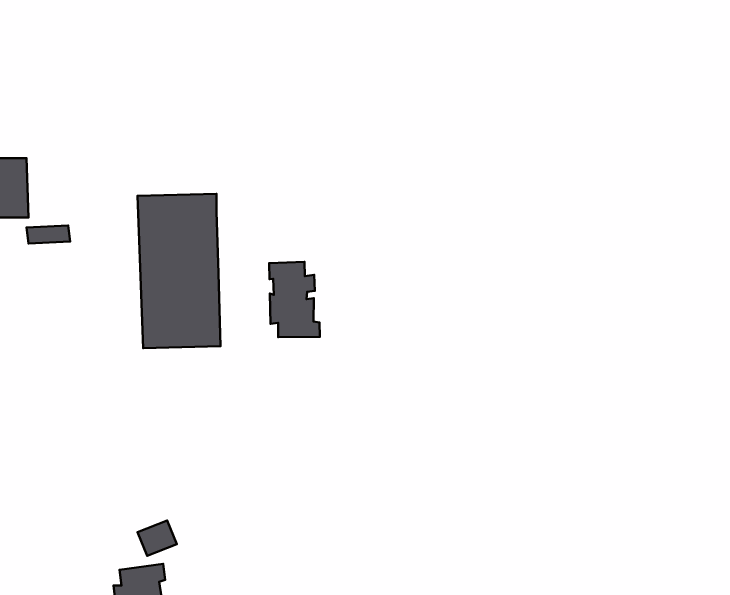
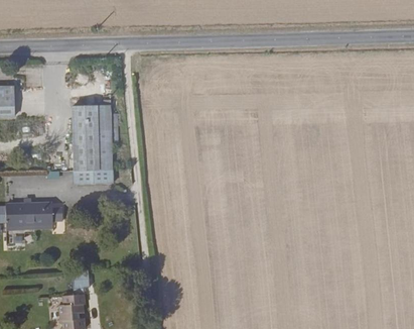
building: [269,262,320,337] -> none
building: none -> [5,201,53,230]

